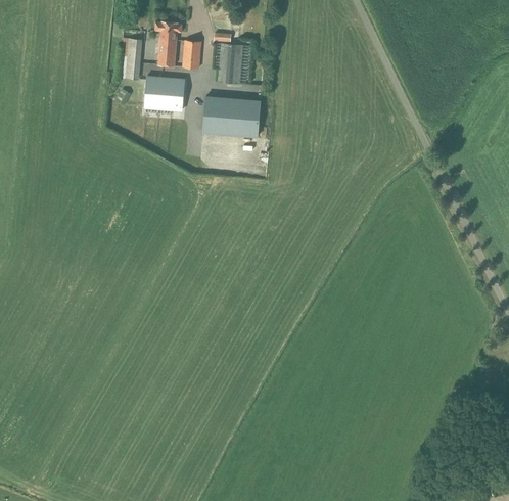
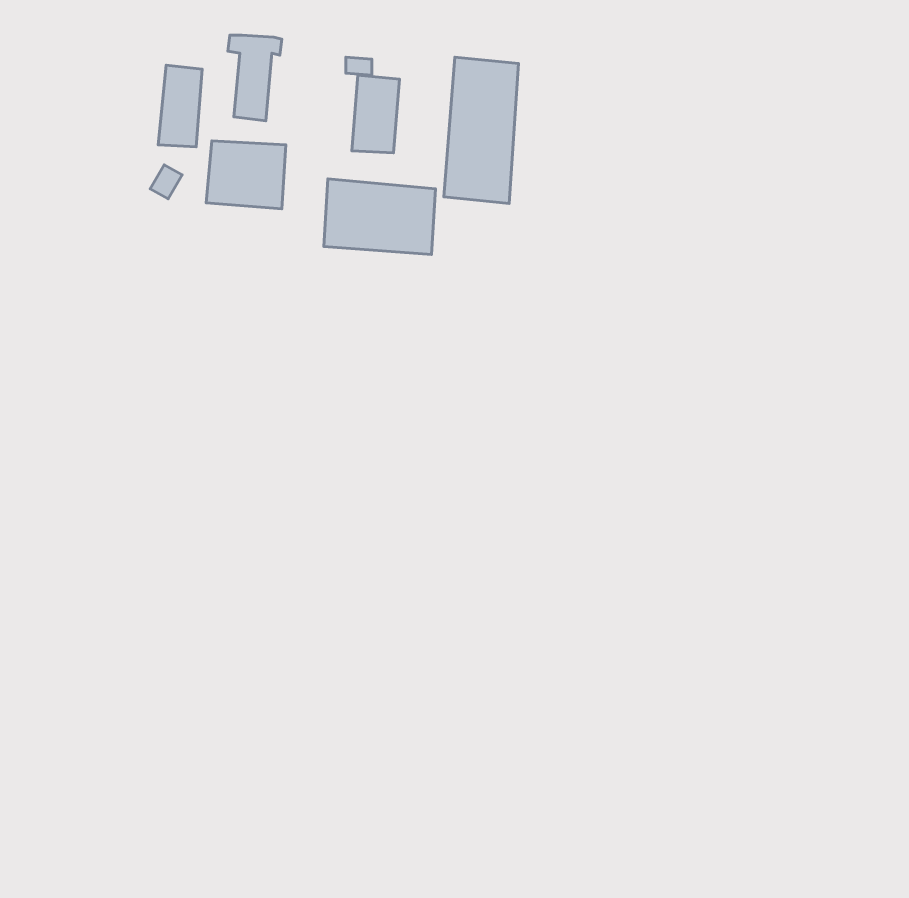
building: none -> [444,57,518,203]
building: [182,40,201,67] -> none

